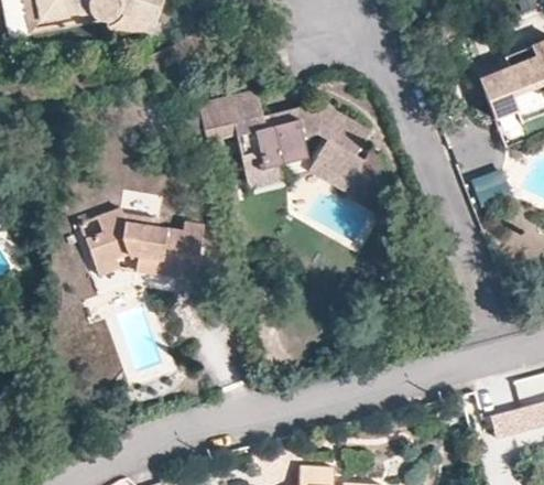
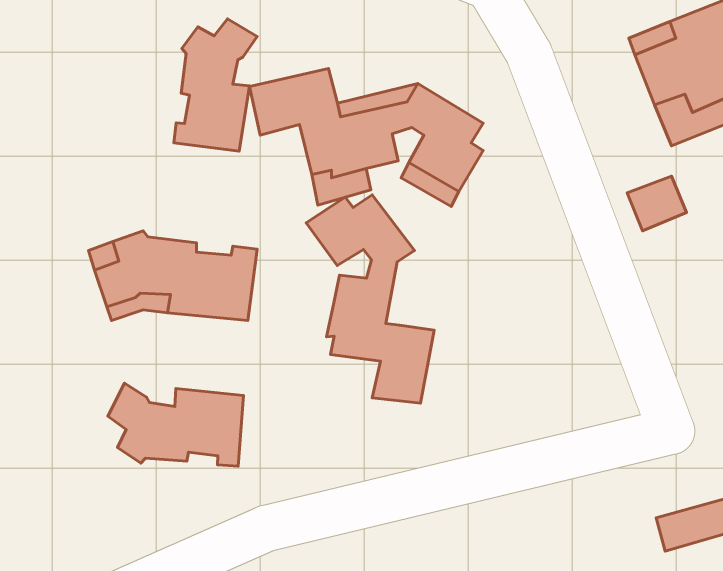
building: none -> [174,19,257,151]
building: none -> [306,195,434,403]
building: none -> [108,383,244,466]

